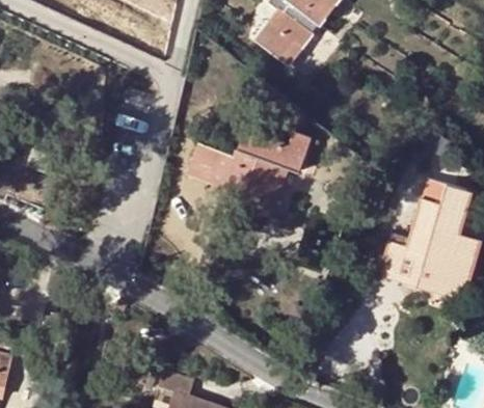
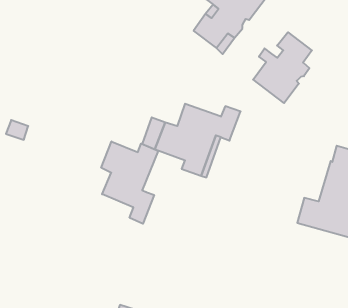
building: none -> [253,32,312,103]
building: none -> [101,141,158,224]

